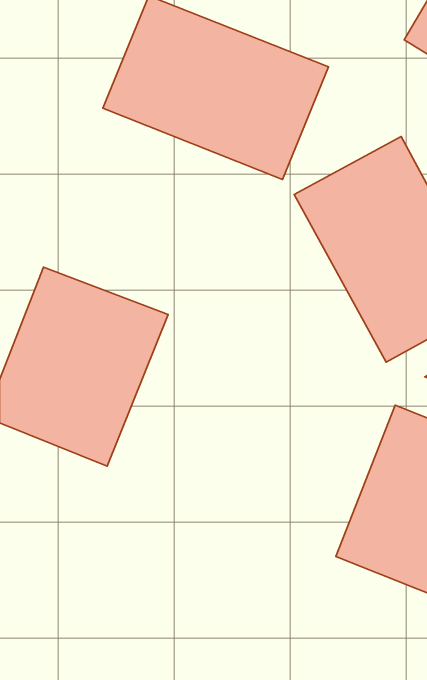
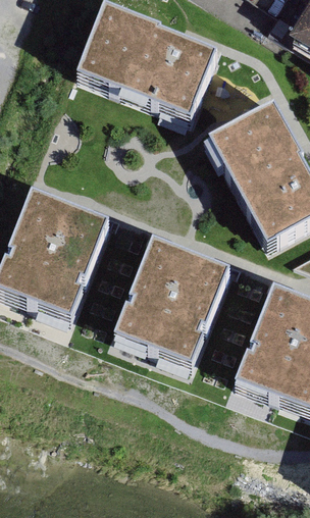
building: none -> [109,238,236,374]

